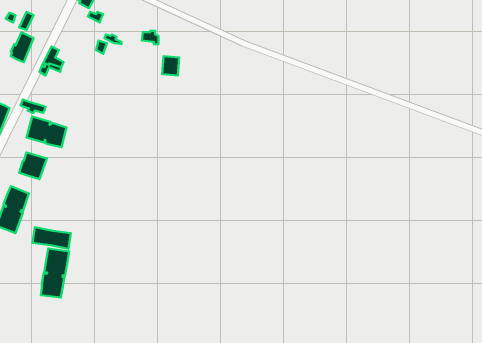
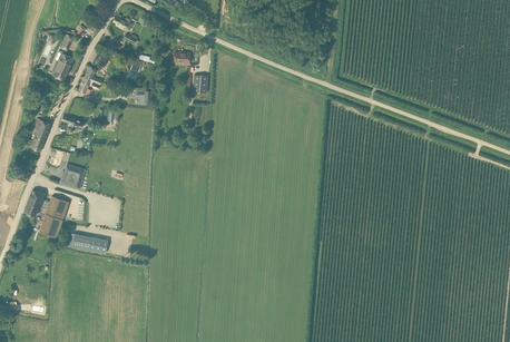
building: [26,117,66,147] -> none
building: [41,248,69,298] -> none

